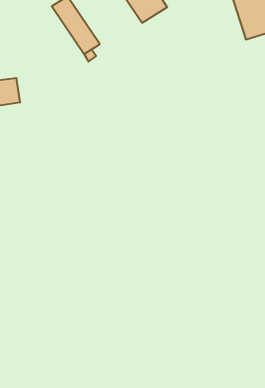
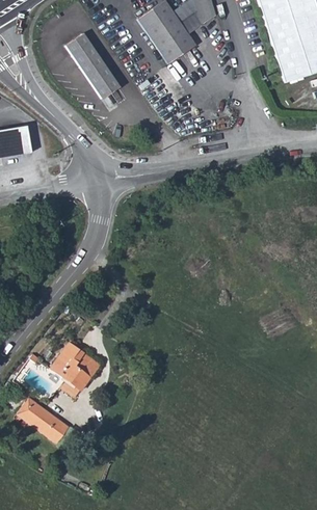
building: none -> [49,343,101,391]
building: none -> [18,398,61,438]

